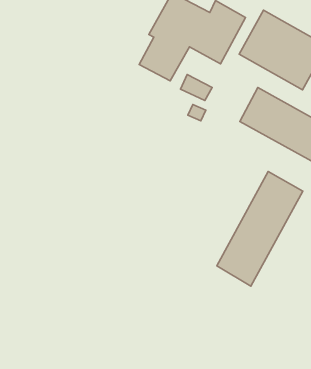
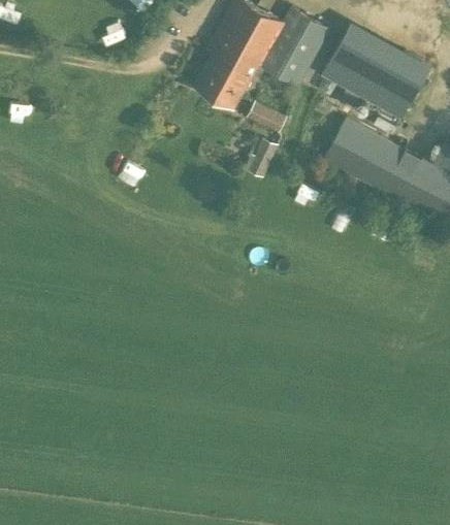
building: [217,171,303,286] -> none

